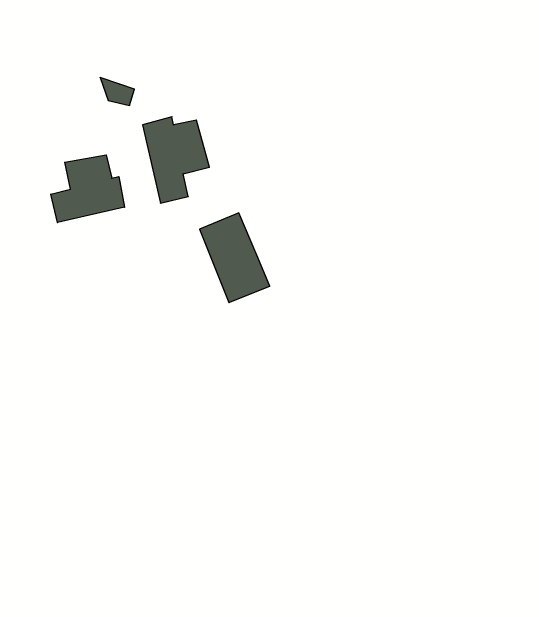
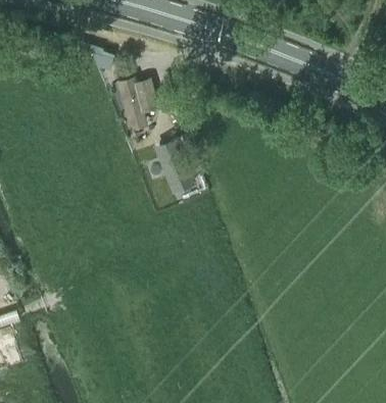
building: [51,155,125,223] -> none

